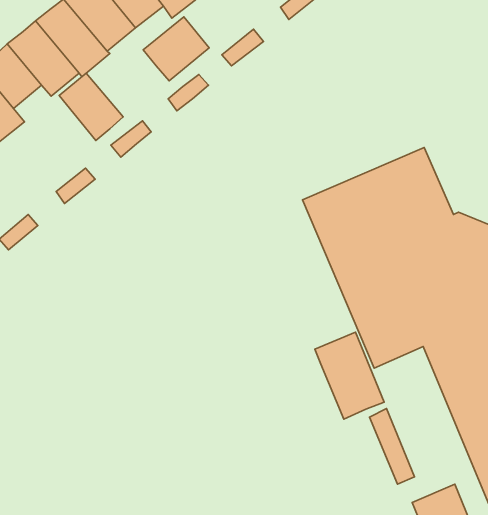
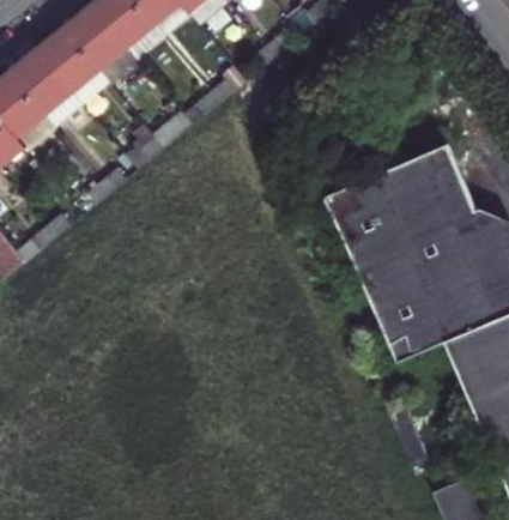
building: [143,17,209,81] -> none
building: [59,73,123,140] -> none
building: [315,332,384,419] -> none

